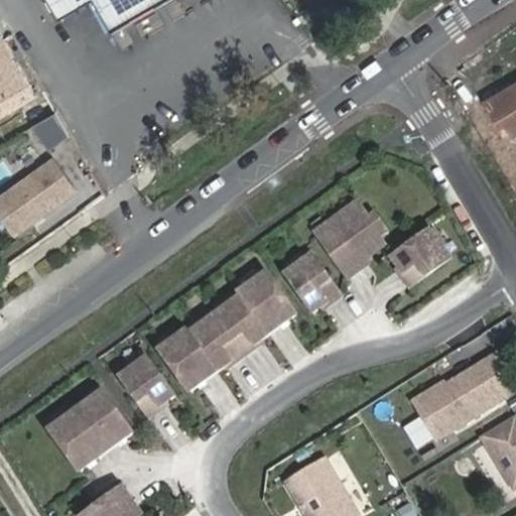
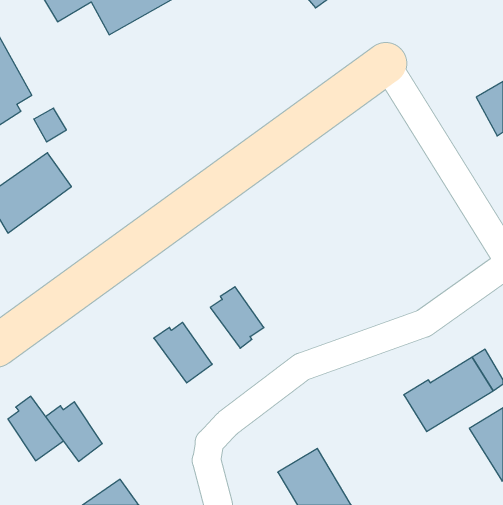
building: [317,199,387,276] -> none
building: [389,230,447,287] -> none
building: [274,242,333,299] -> none
building: [238,267,294,333] -> none
building: [186,312,244,370] -> none
building: [119,353,174,415] -> none
building: [76,385,132,450] -> [8,396,63,461]

